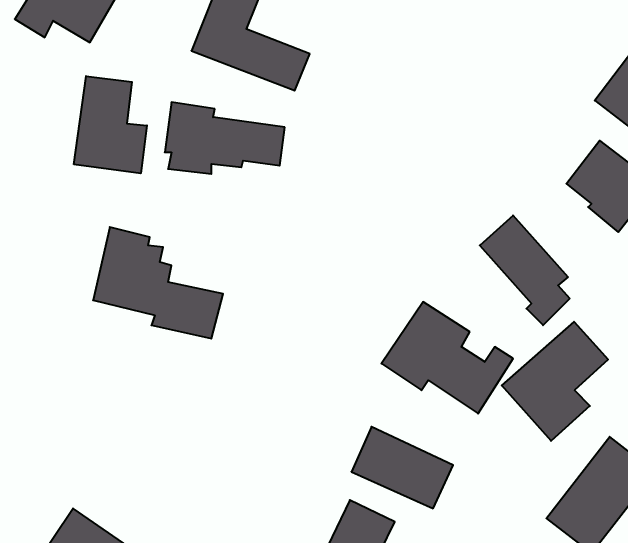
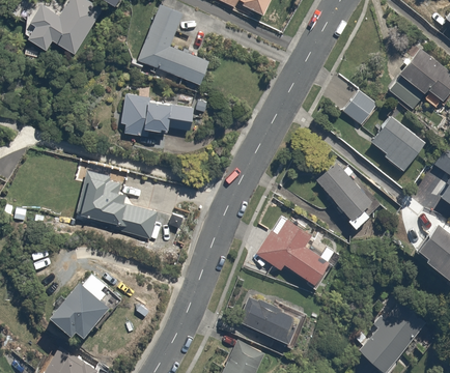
building: [74,76,147,173] -> none
building: none -> [341,88,378,126]
building: [502,322,608,441] -> none
building: none -> [49,270,113,338]

